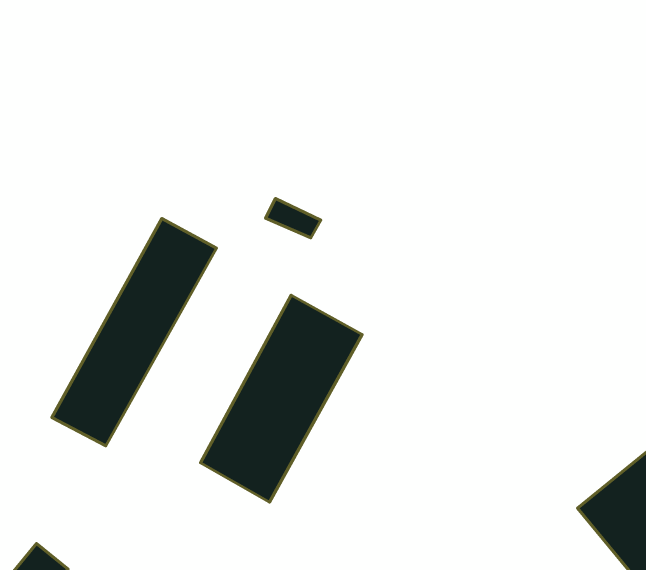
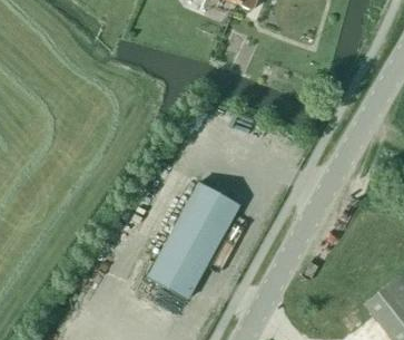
building: [52,218,216,446] -> none

